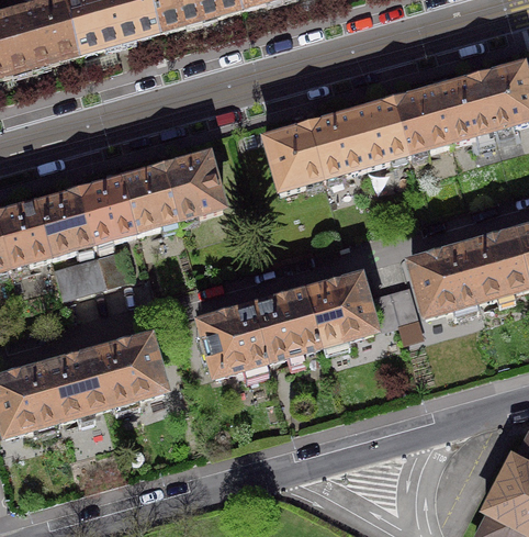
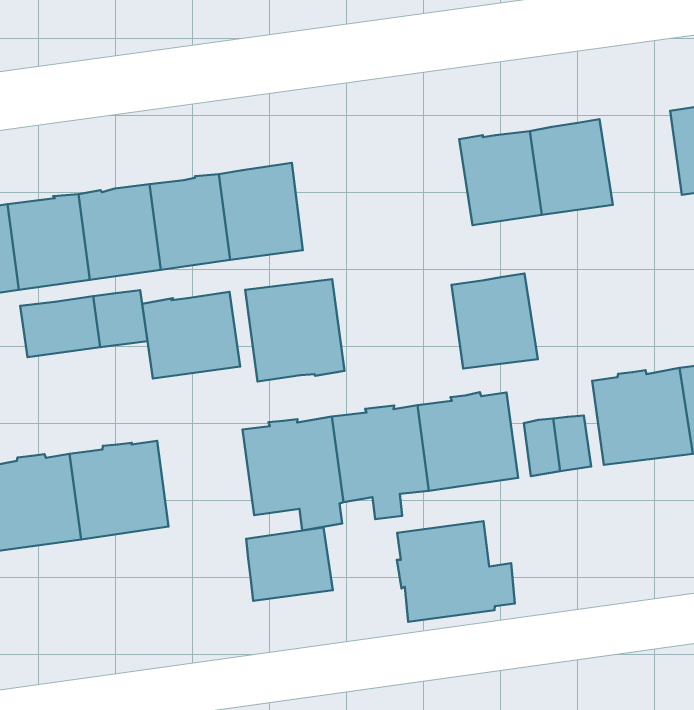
building: [394,90,451,153] -> none
building: [266,125,325,189] -> [452,273,538,369]
building: none -> [245,279,344,382]
building: none -> [142,292,240,379]
building: none -> [397,521,515,622]
building: none -> [246,527,333,601]

